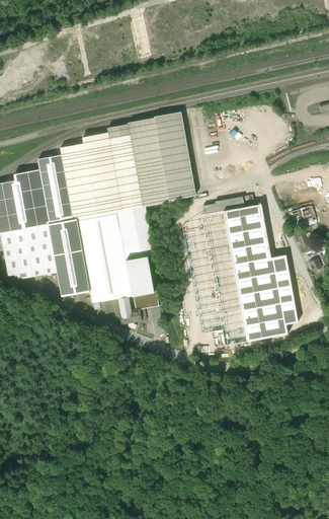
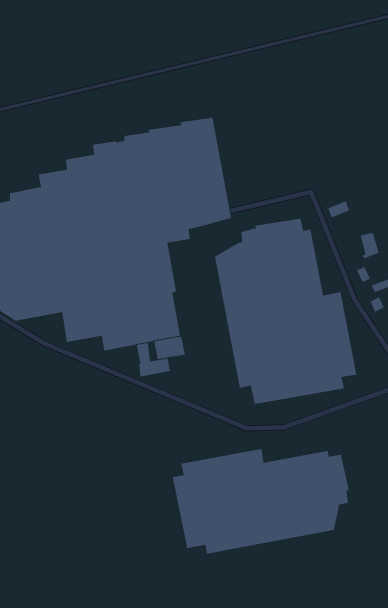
building: none -> [172,448,350,555]

